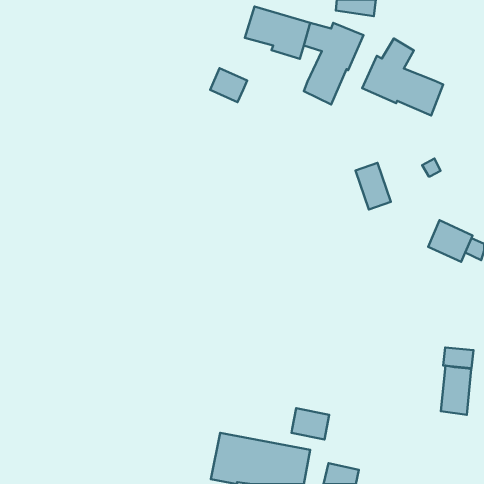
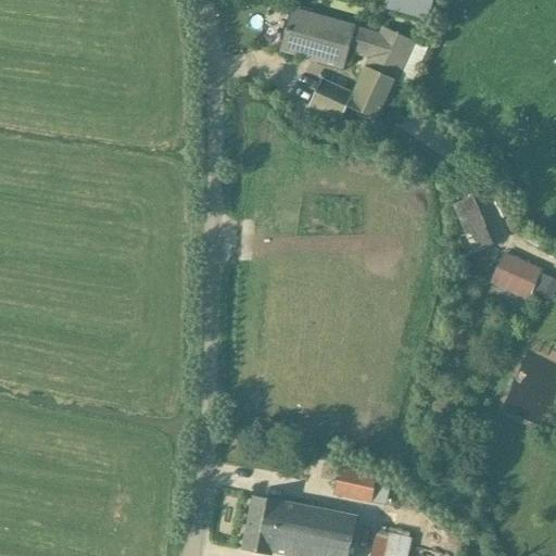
building: [362,38,443,116] -> none
building: [210,68,247,102] -> [309,79,352,118]
building: [356,163,391,209] -> [451,200,491,253]
building: [441,366,471,415] -> none

